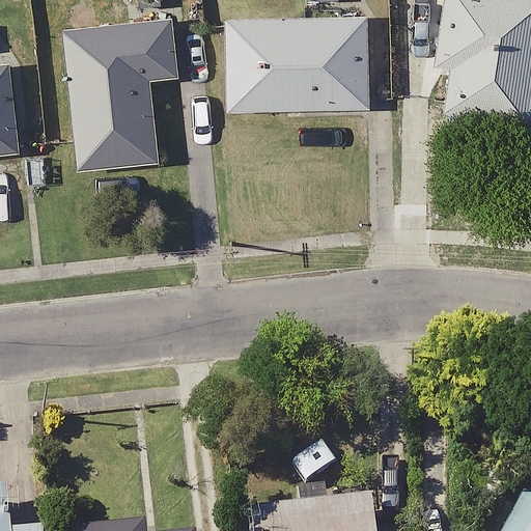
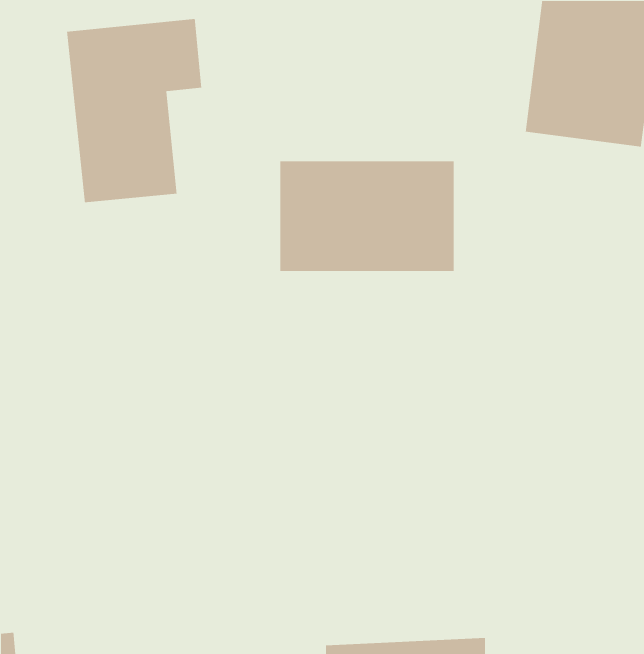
building: [225,19,365,108] -> [280,161,455,272]

